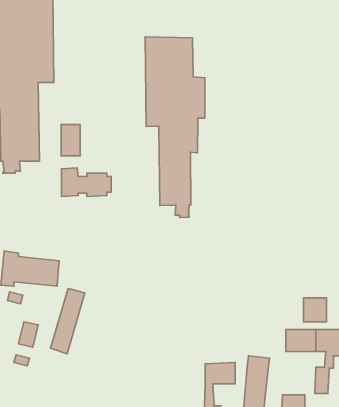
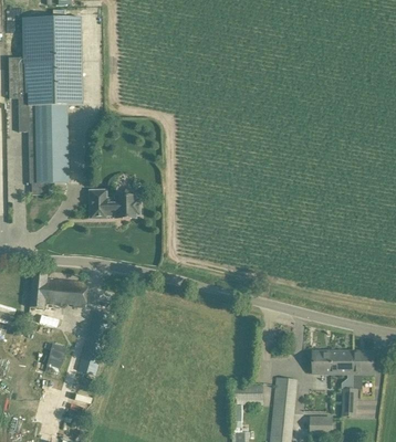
building: [145,37,205,217] -> none
building: [61,125,80,156] -> none
building: [304,298,327,322] -> none

